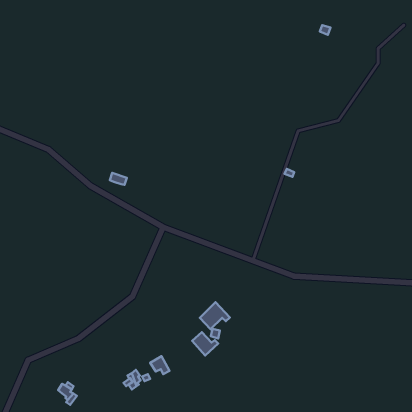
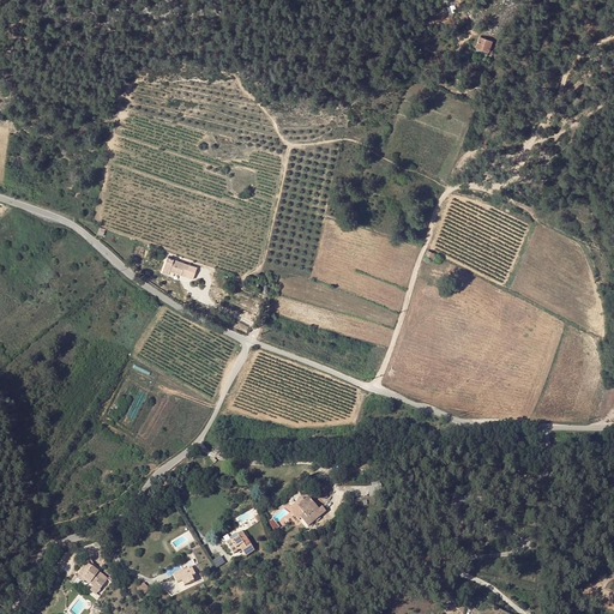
building: [200,302,230,329] -> none

